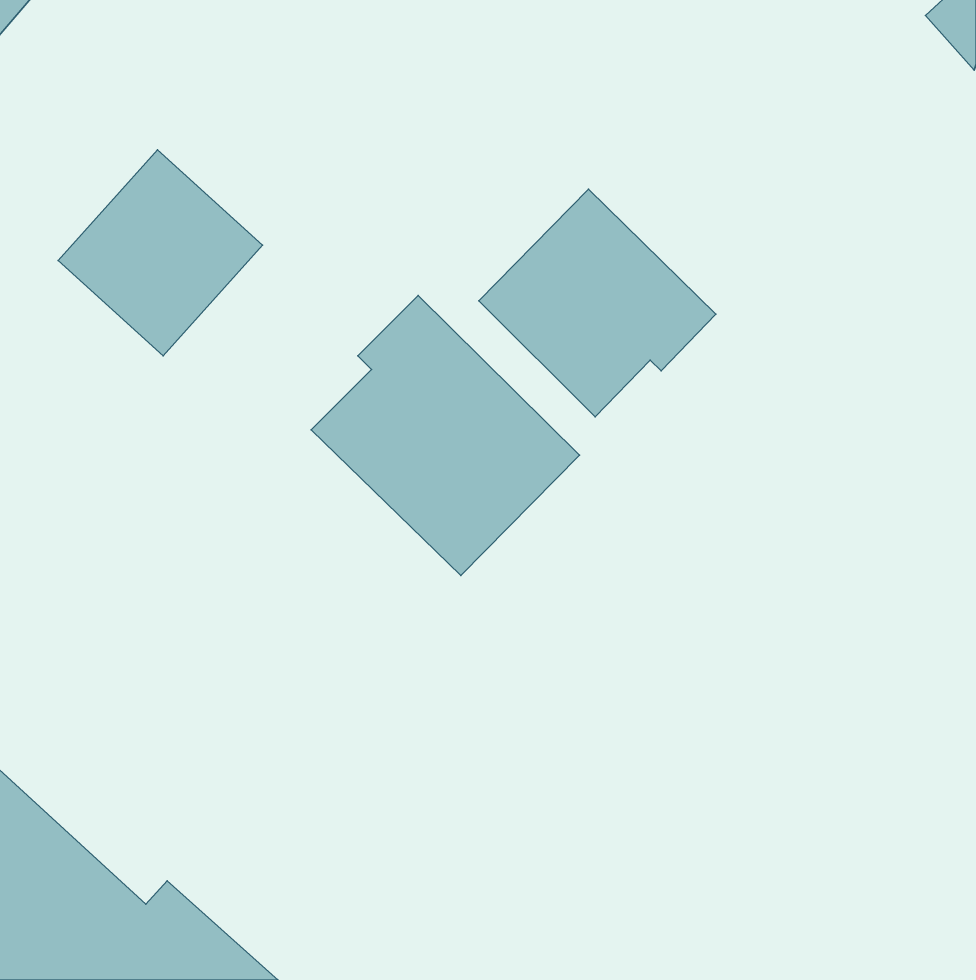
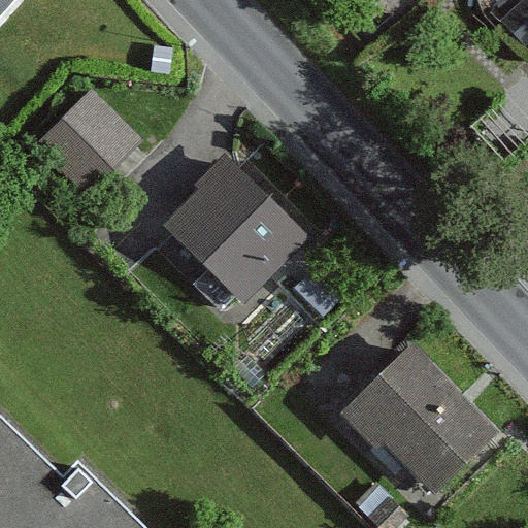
building: [479,189,716,417] -> none
building: none -> [337,350,496,498]

